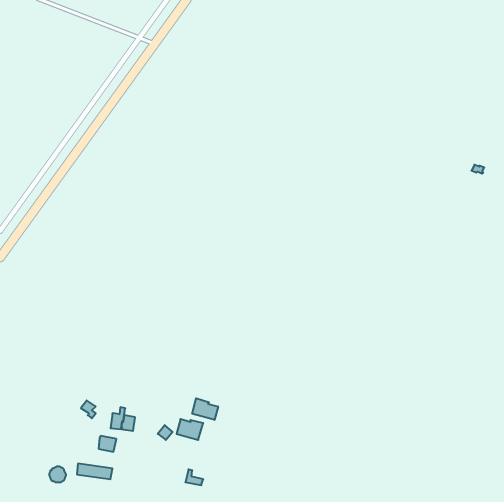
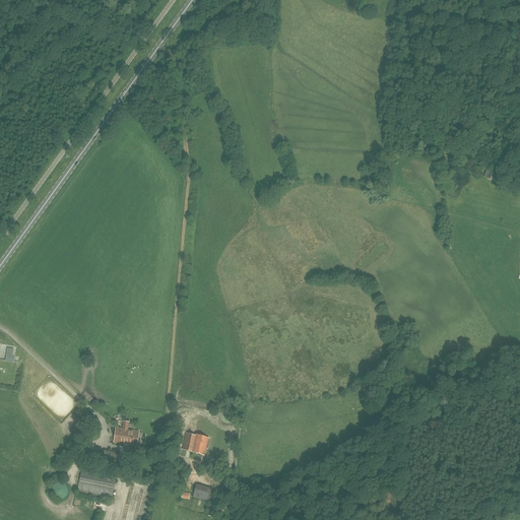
building: [192,398,218,420] -> none

